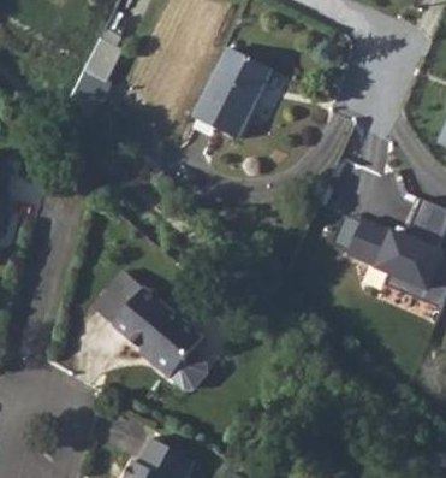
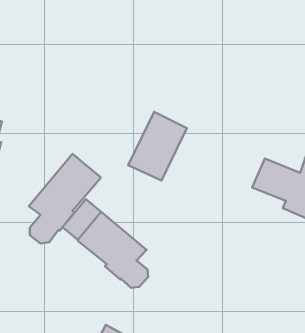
building: [192,47,270,138] -> [128,112,187,181]
building: none -> [29,154,101,243]

